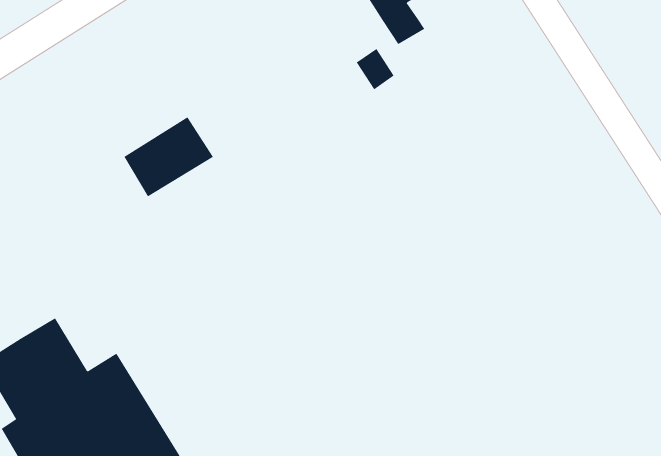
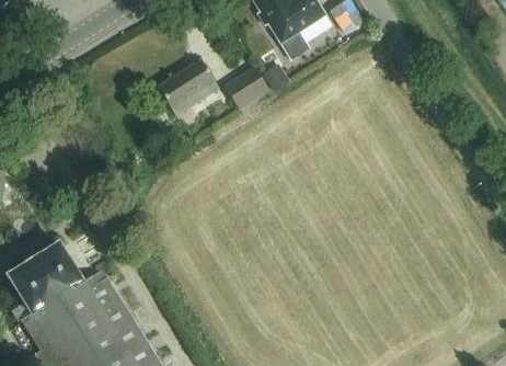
building: none -> [225,67,272,112]
building: [123,116,214,197] -> [159,60,220,115]

